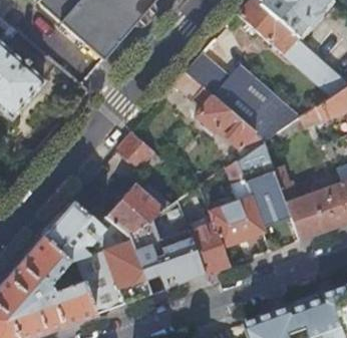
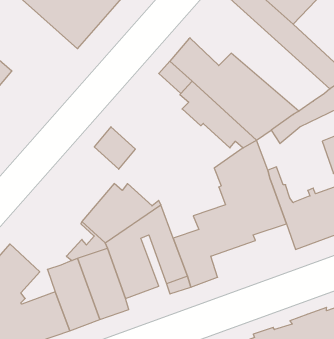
building: [42,200,105,260] -> none

